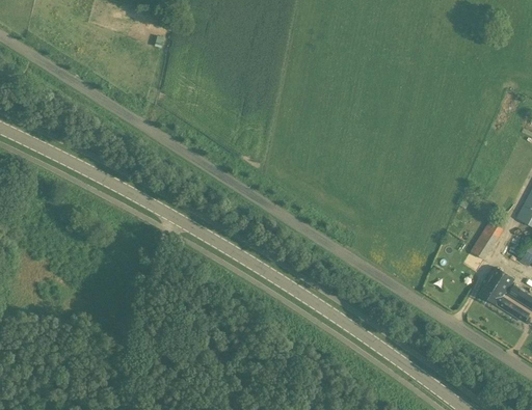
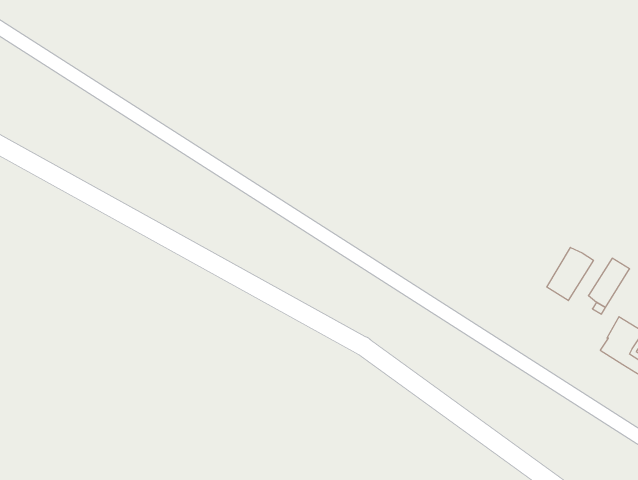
building: none -> [547,247,593,301]

